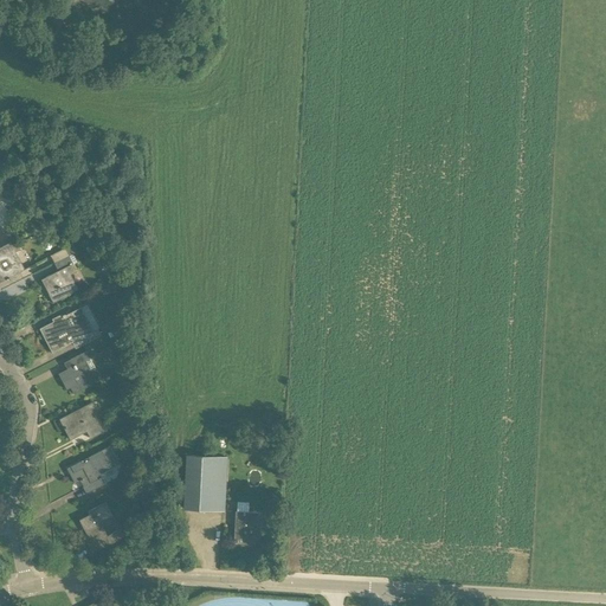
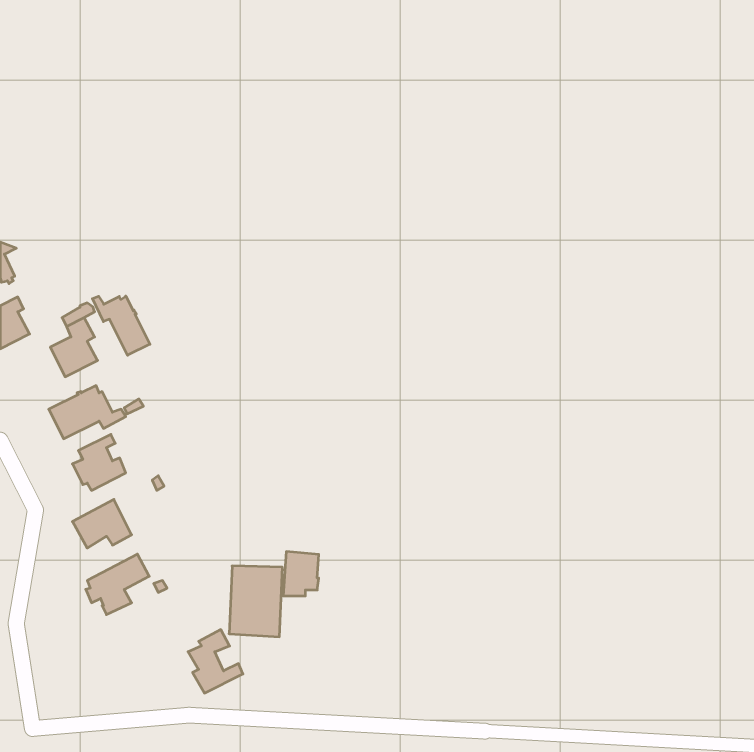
building: none -> [92,296,150,355]
building: [79,501,123,552] -> [188,630,243,693]
building: [233,509,262,544] -> [283,552,319,596]

